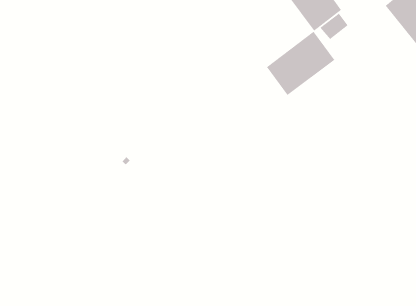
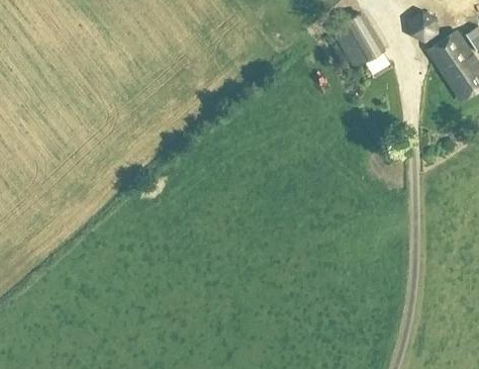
building: [266,31,335,96] -> none

